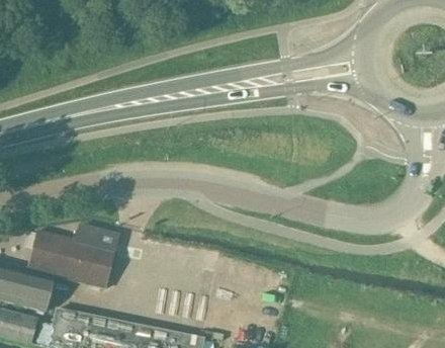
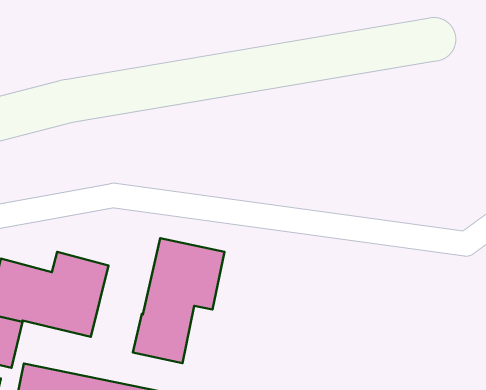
building: none -> [133,238,224,363]

